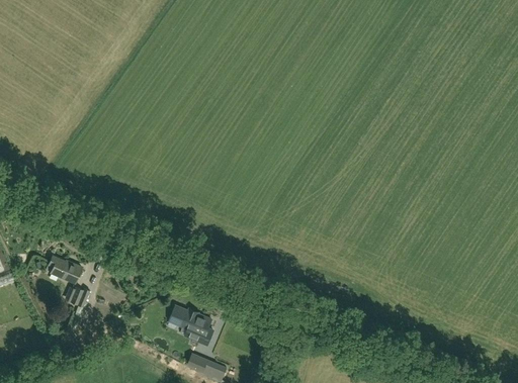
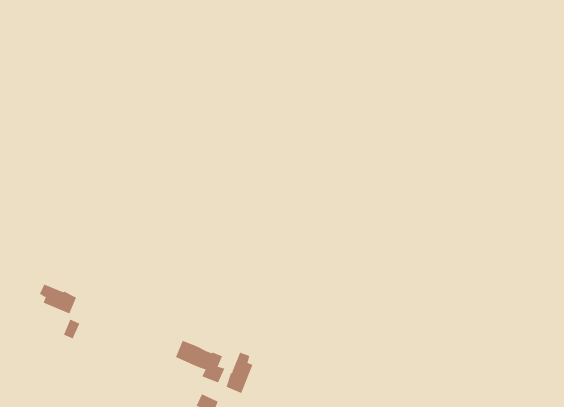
building: none -> [226,352,253,394]

